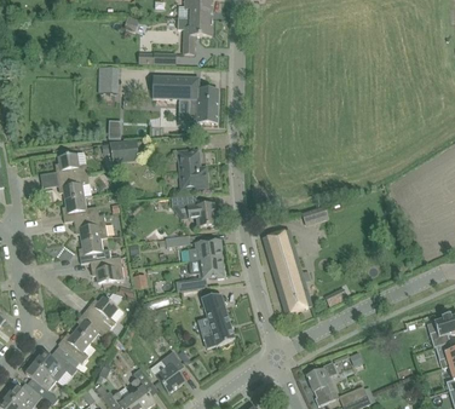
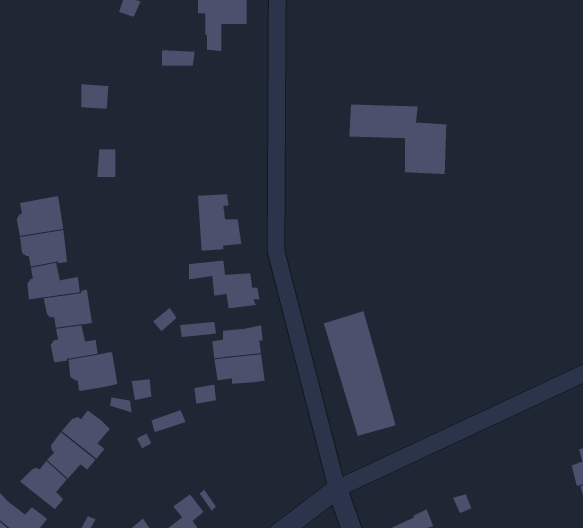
building: [151,75,218,122] -> [348,104,447,174]
building: [109,139,138,162] -> none
building: [196,293,234,347] -> none

